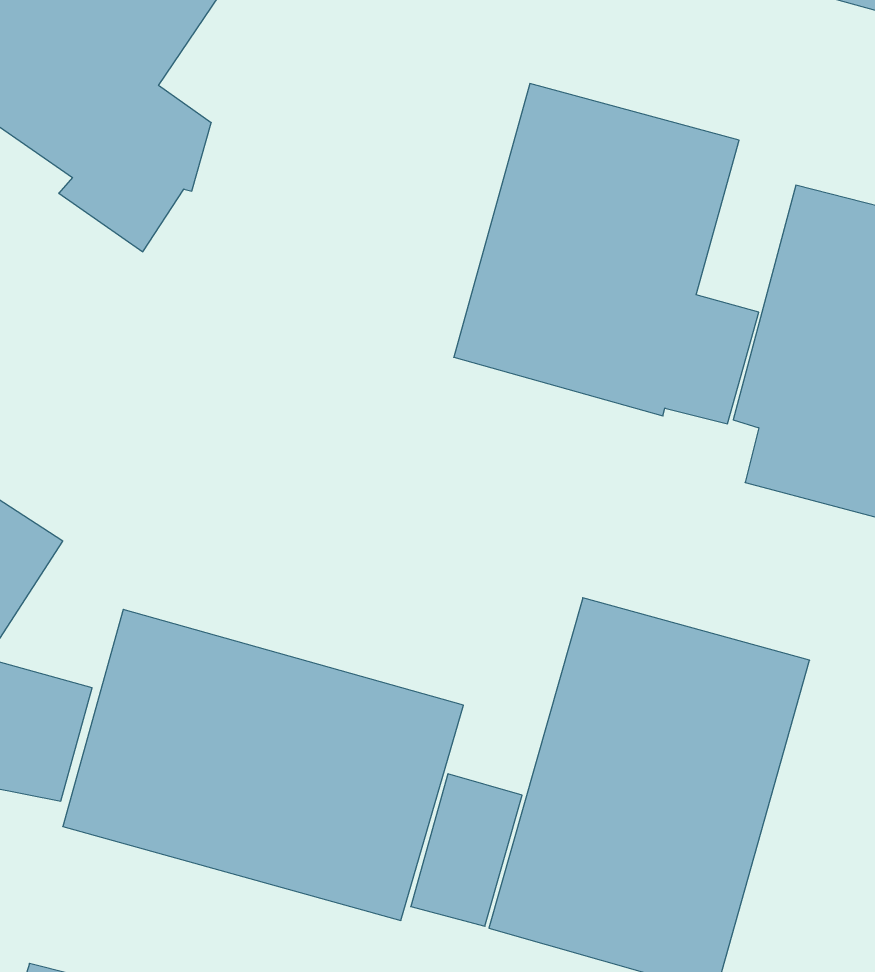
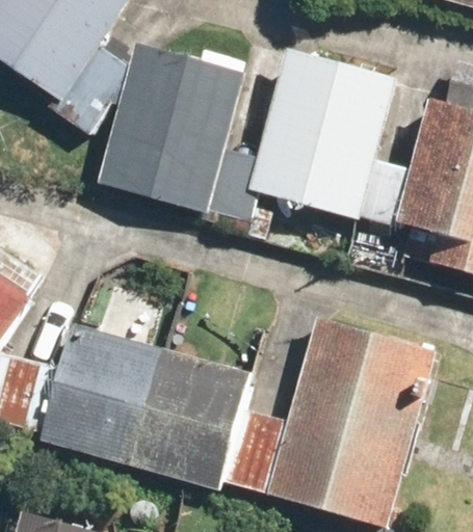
building: none -> [91,41,251,225]

